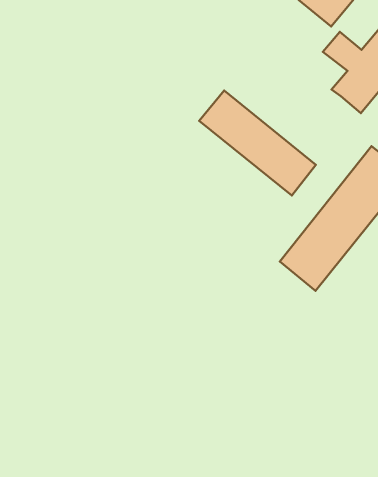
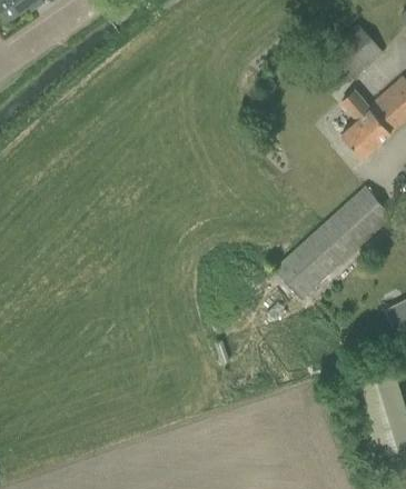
building: [199,90,316,195] -> none

